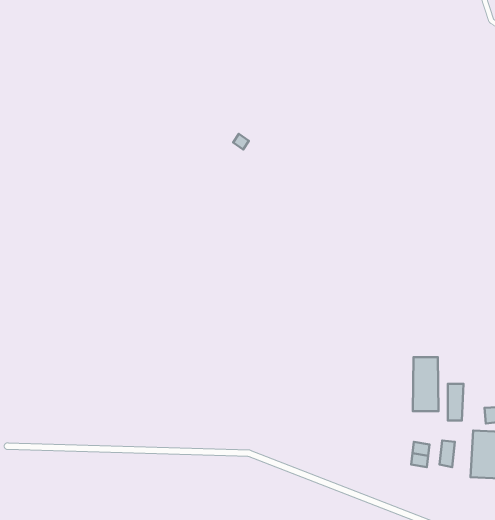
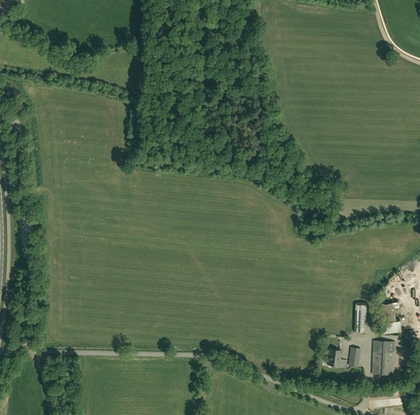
building: [413,357,438,411] -> none

